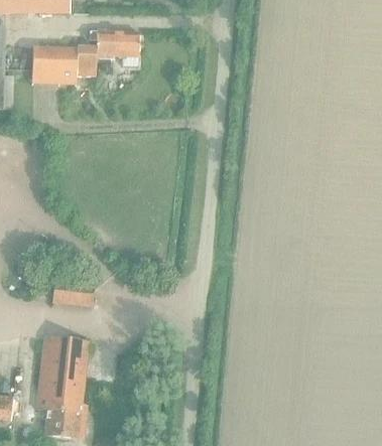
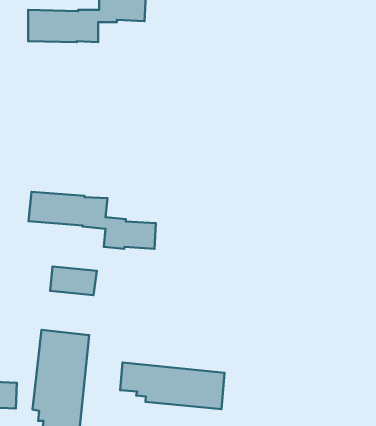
building: none -> [28,192,156,249]
building: none -> [120,362,225,409]

